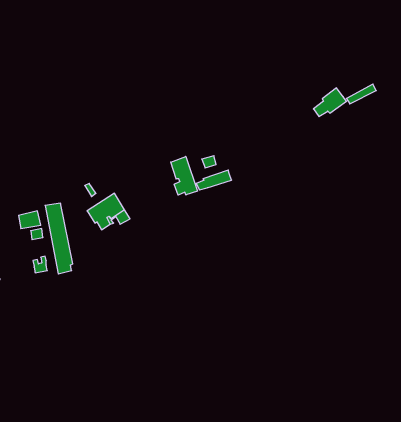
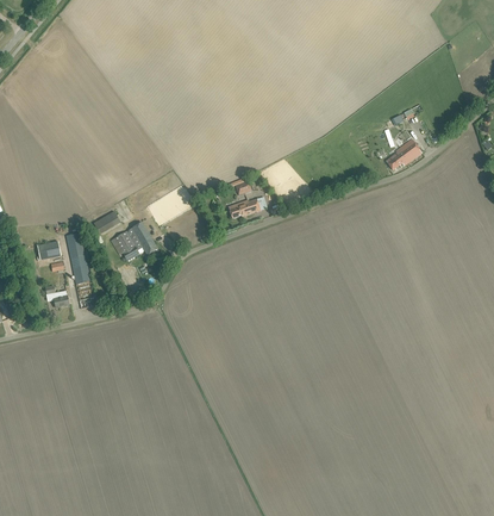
building: [313,88,347,117] -> [384,137,420,168]
building: [171,156,197,195] -> none

